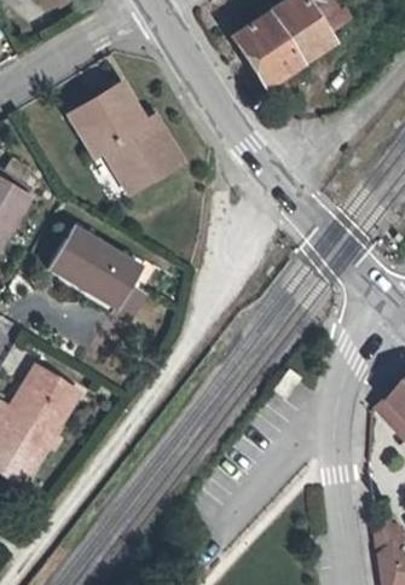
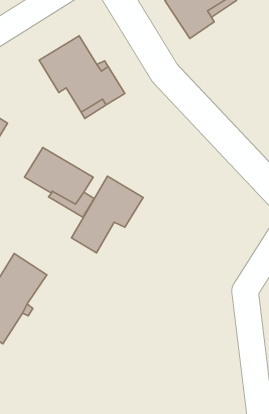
building: none -> [71,176,143,253]

